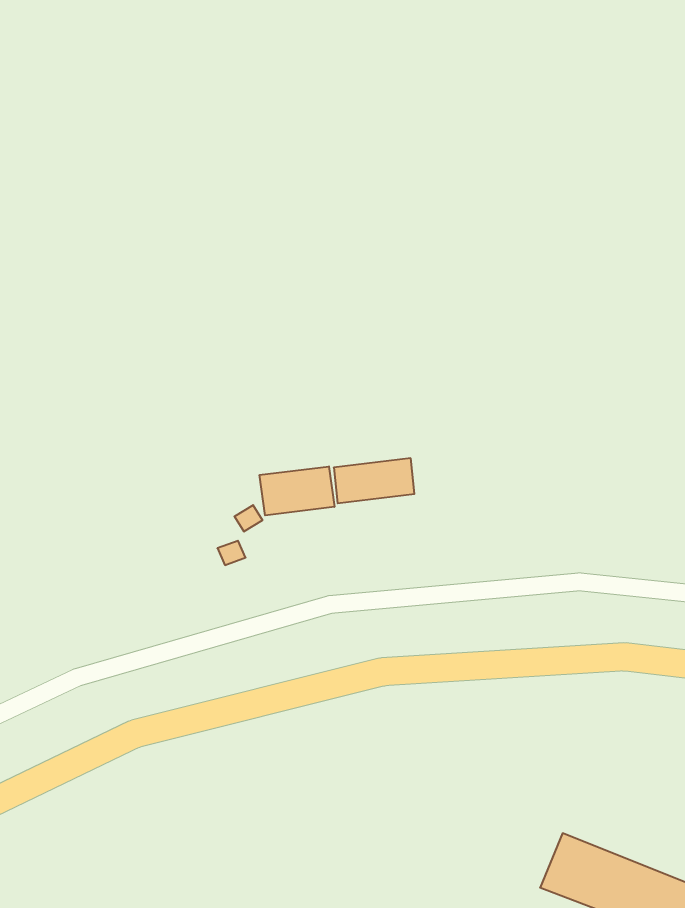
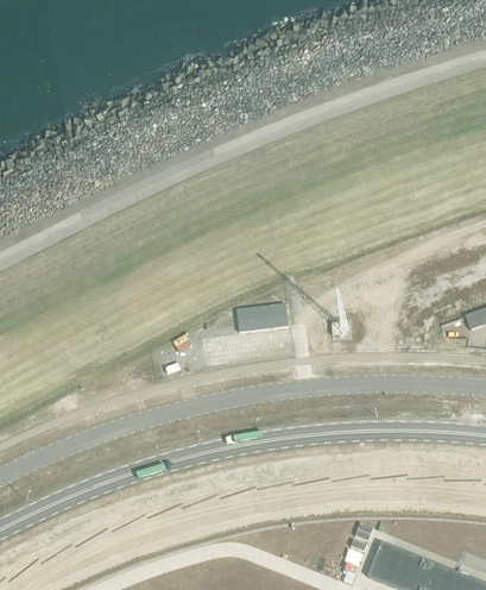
building: [260,466,334,515] -> none

